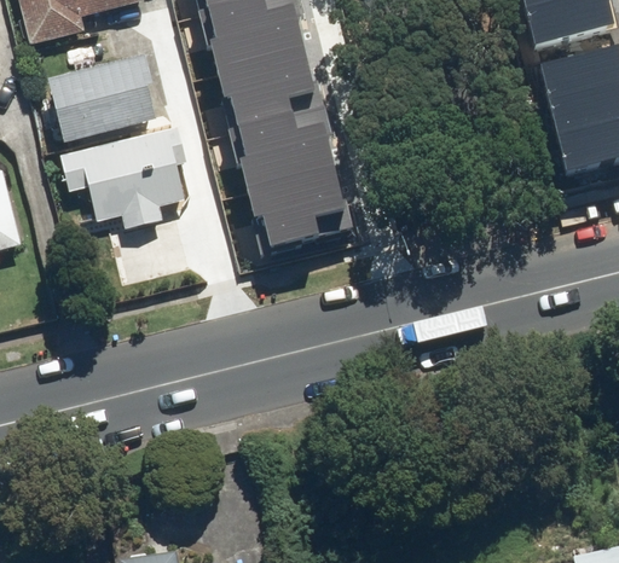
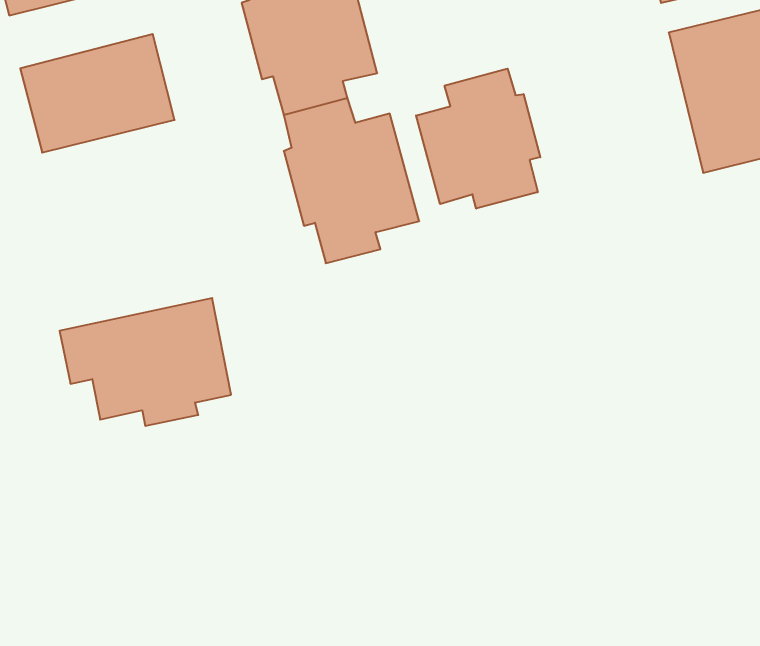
building: none -> [416,69,540,209]
building: [56,130,189,230] -> [60,298,231,426]

